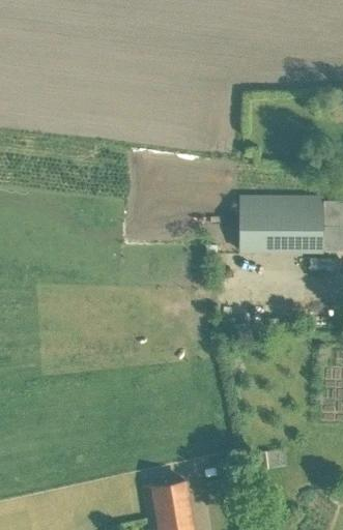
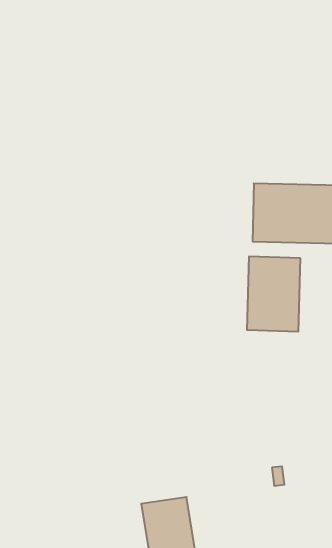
building: none -> [247,256,300,332]

